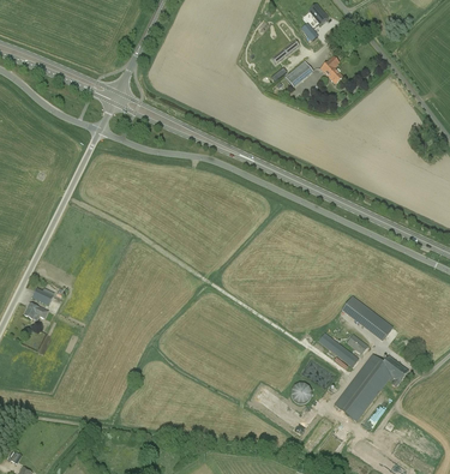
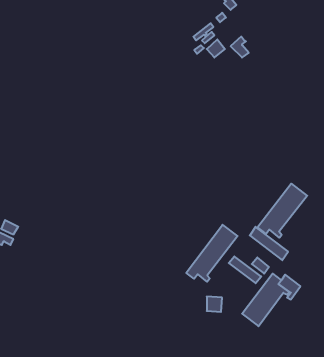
building: none -> [258,184,307,238]
building: none -> [186,225,238,282]

